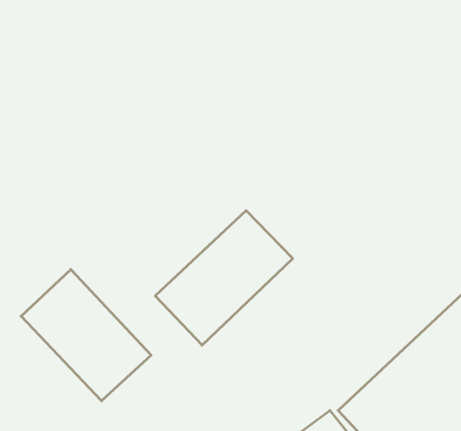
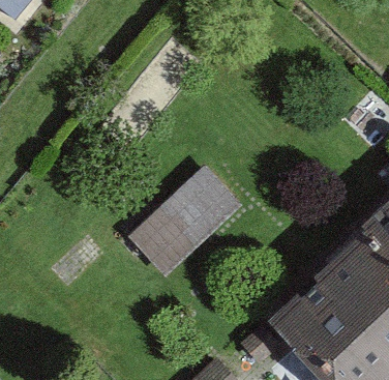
building: [21,269,151,401] -> none

